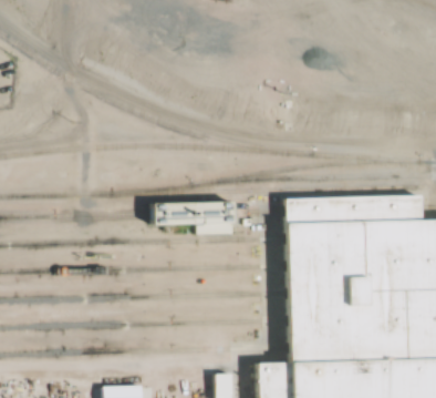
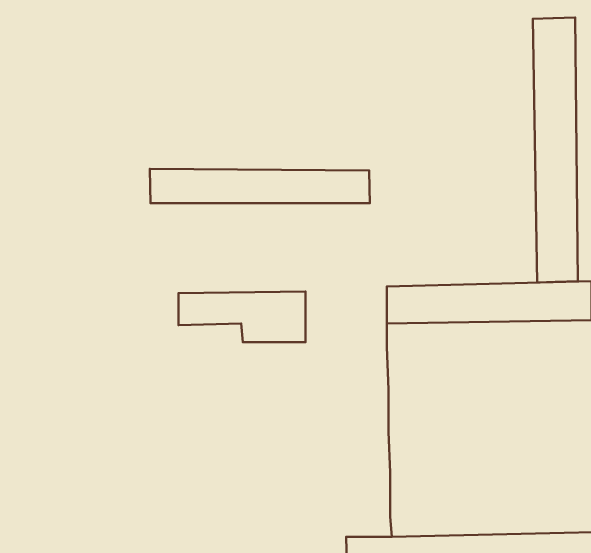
building: none -> [533,17,578,283]
building: none -> [150,169,370,203]

